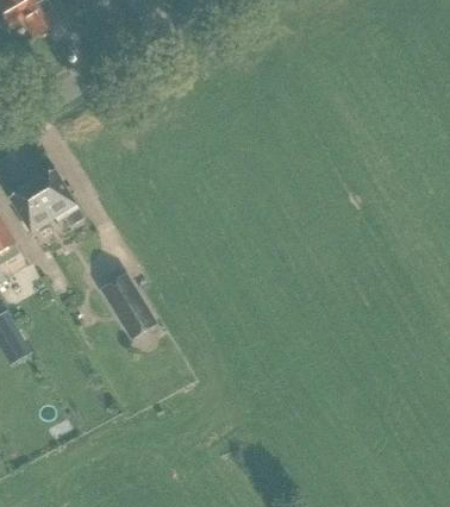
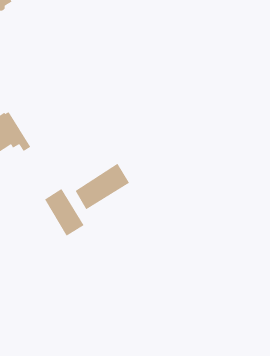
building: none -> [75,163,130,210]

